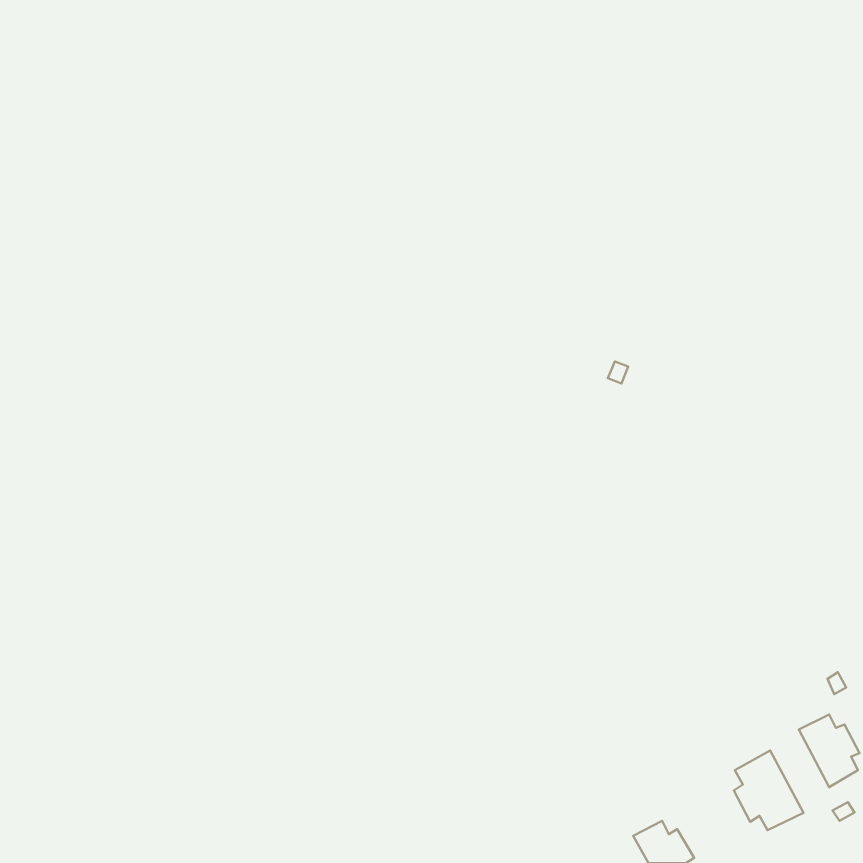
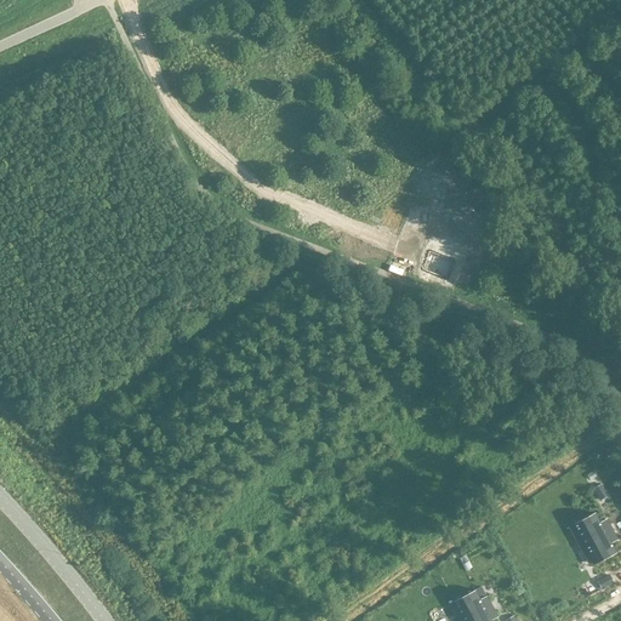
building: [734,750,803,830] -> none

